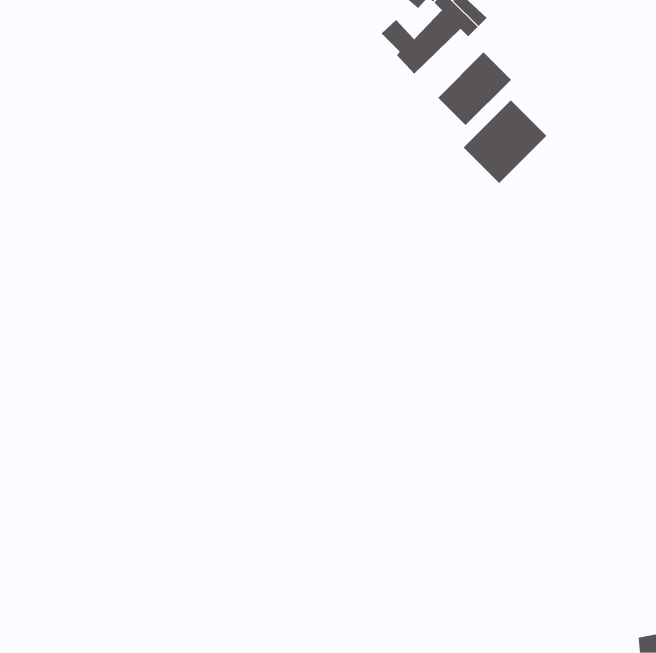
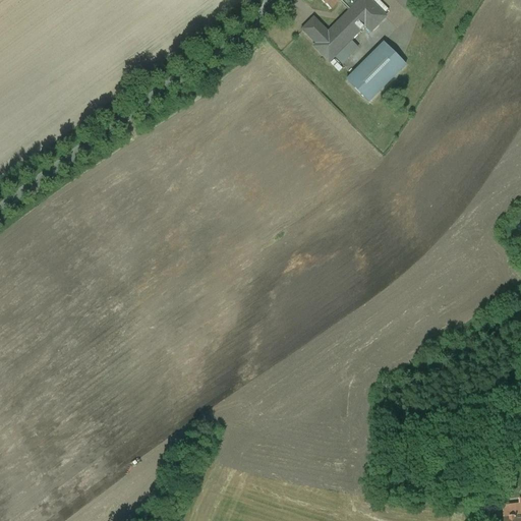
building: [463,100,547,184] -> none

